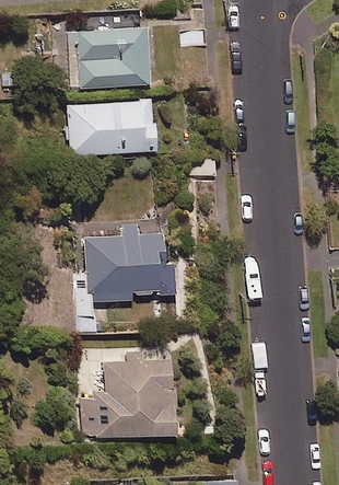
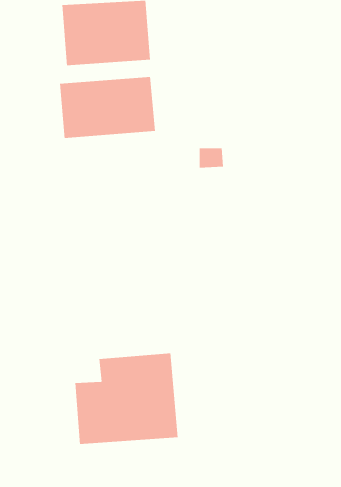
building: [82,227,176,321] -> none

